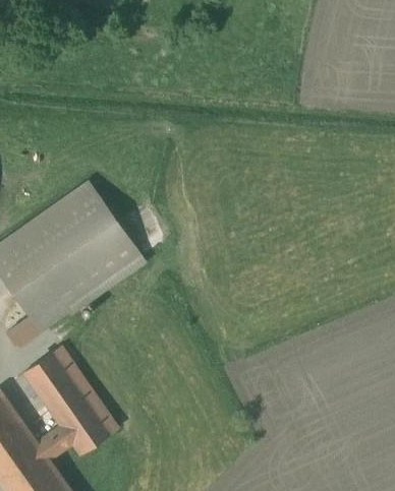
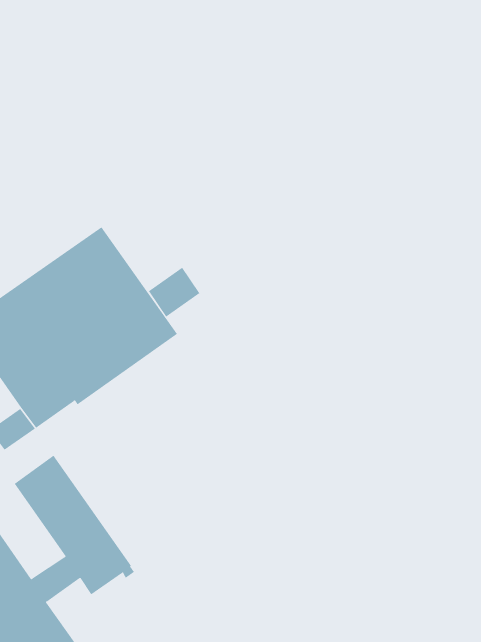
building: none -> [148,267,200,317]

